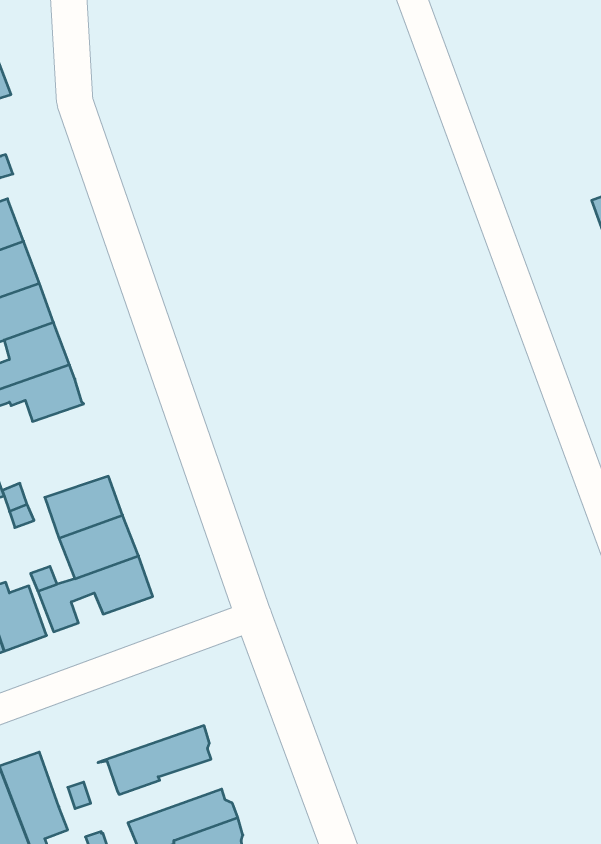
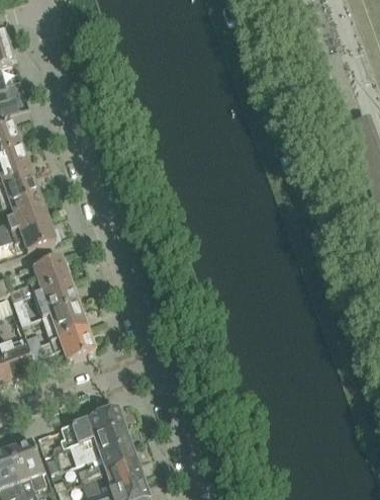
building: none -> [30,255,71,294]
building: none -> [62,407,125,445]
building: none -> [79,443,135,480]

